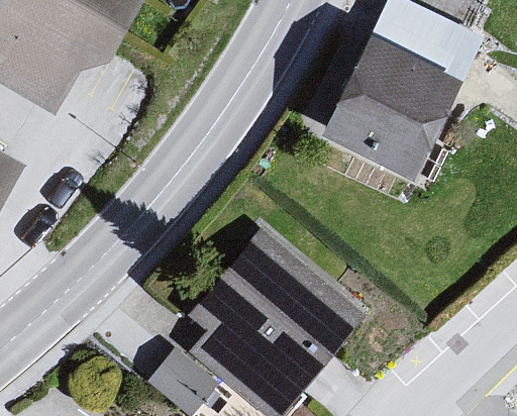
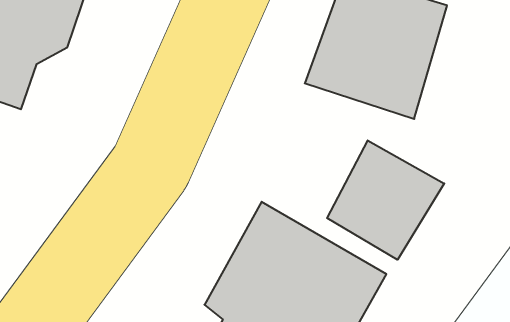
building: none -> [327,140,444,260]

